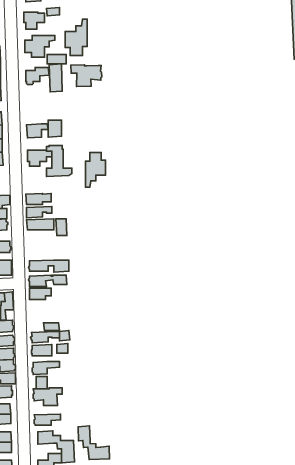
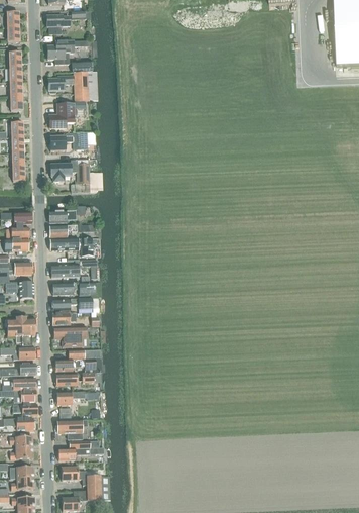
building: [65,19,87,56] -> none
building: [71,65,102,87] -> none
building: none -> [49,103,74,128]
building: [86,153,105,187] -> none
building: none -> [50,259,97,277]
building: none -> [52,326,86,346]
building: [78,426,109,460] -> none

